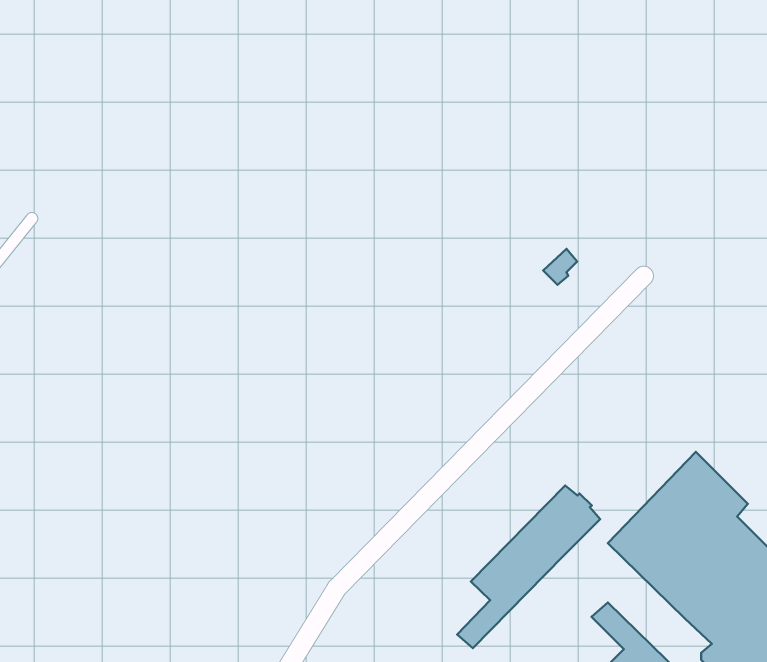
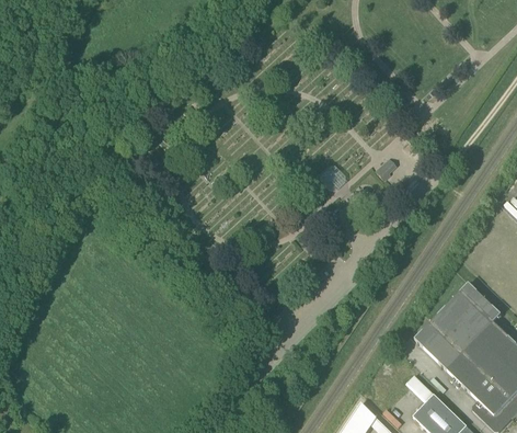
building: [457,486,600,648] -> none

